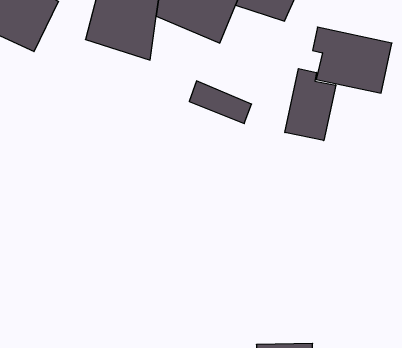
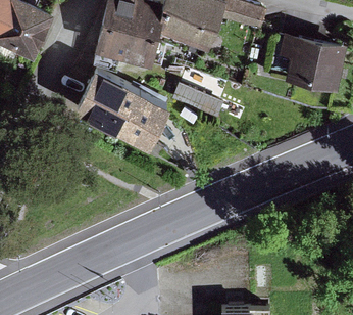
building: none -> [68,73,160,154]
building: [285,69,336,141] -> none

